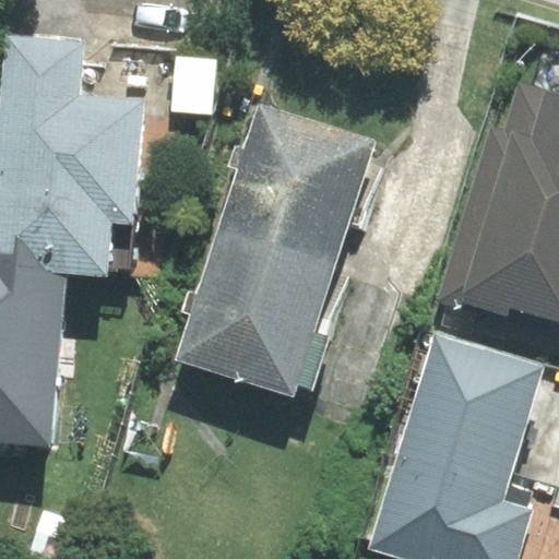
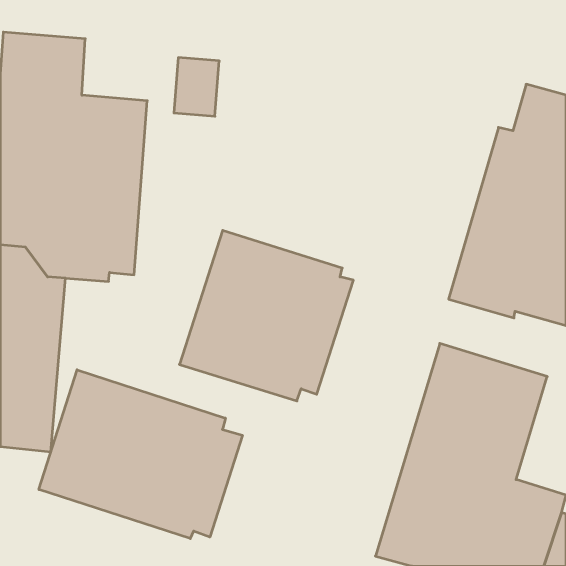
building: [219,105,381,264] -> none
building: none -> [39,370,242,539]

